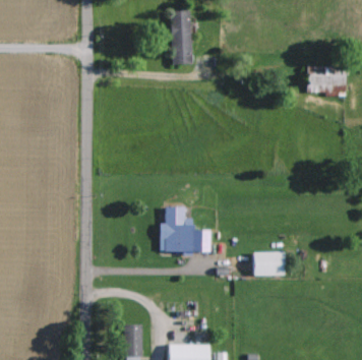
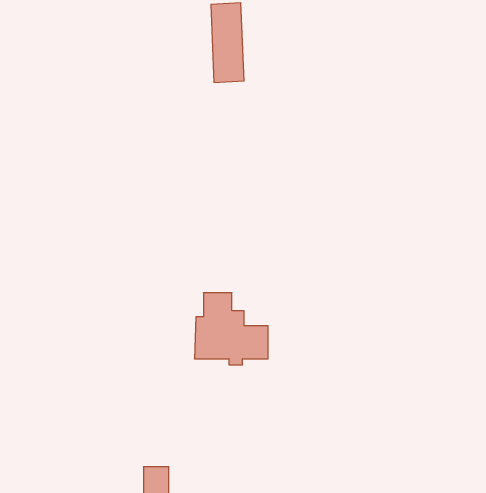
building: [308,66,346,93] -> none
building: [254,251,285,276] -> none

